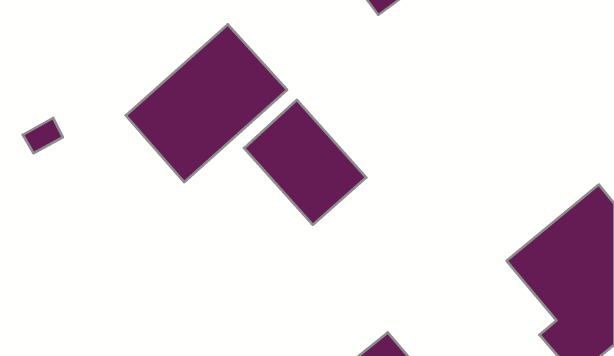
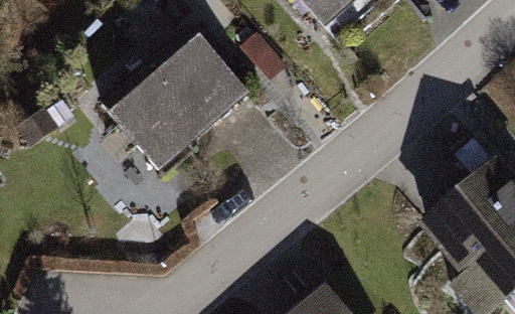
building: [244,100,366,225] -> none

